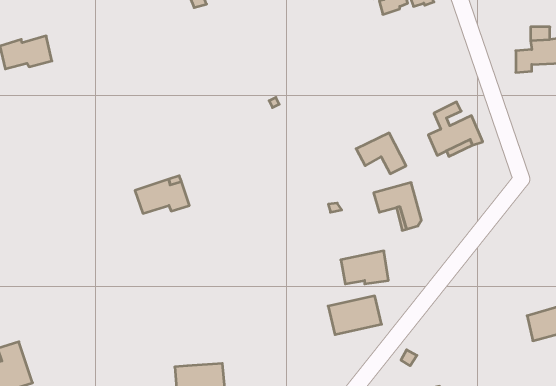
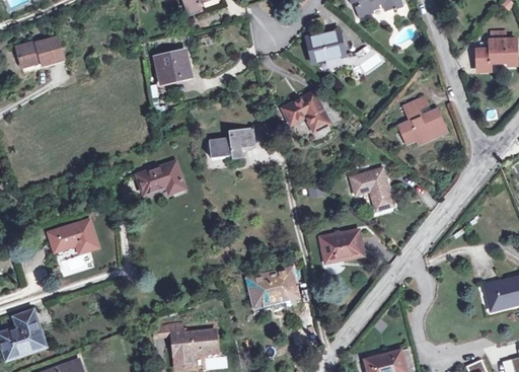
building: none -> [307,29,343,63]
building: none -> [155,51,191,82]
building: [356,133,406,174] -> [283,93,327,130]
building: none -> [208,129,253,158]
building: none -> [48,220,97,252]
building: [328,296,382,335] -> [248,271,296,305]

